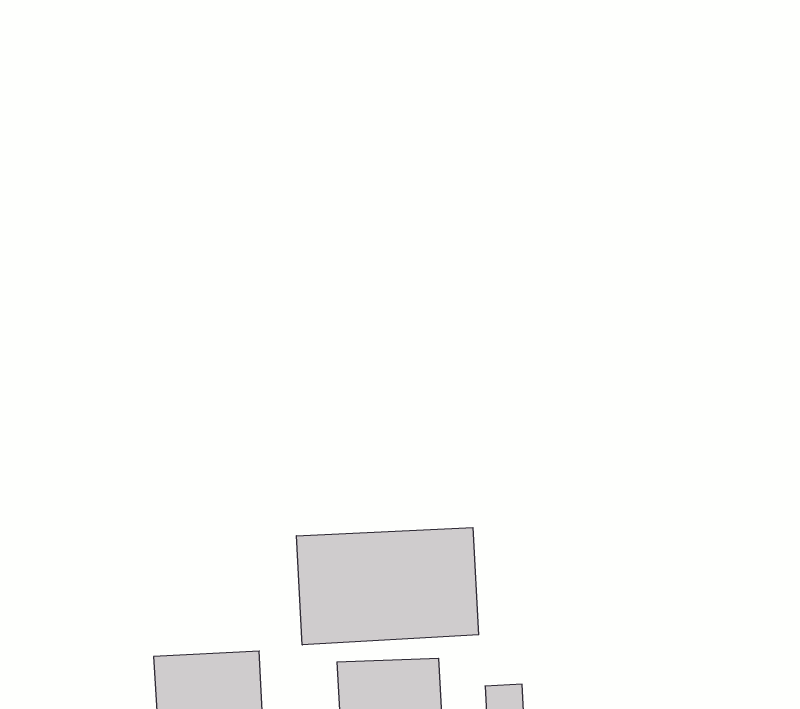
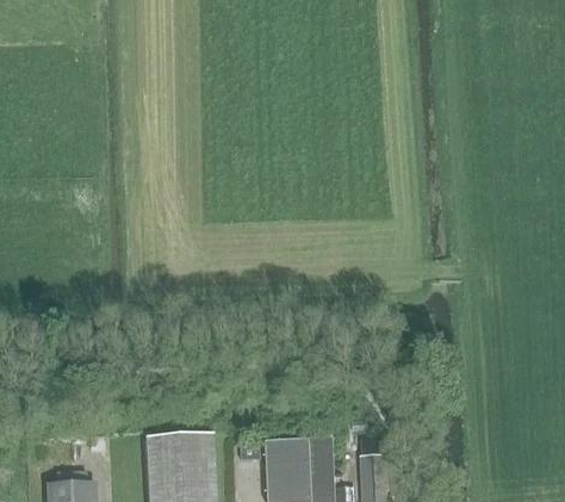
building: [296,528,479,645] -> none

